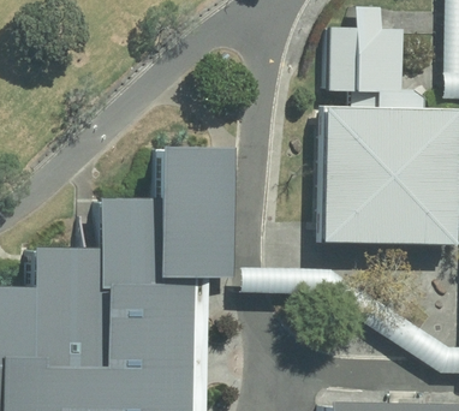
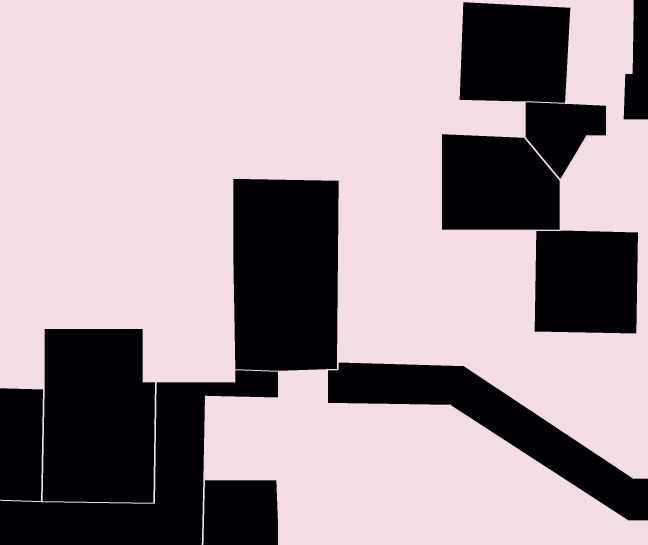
building: [398,113,452,178] -> none
building: [316,177,381,245] -> none
building: [117,193,178,279] -> none
building: [157,288,208,345] -> none

